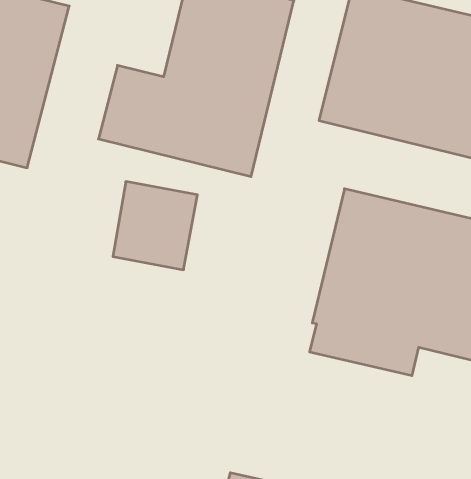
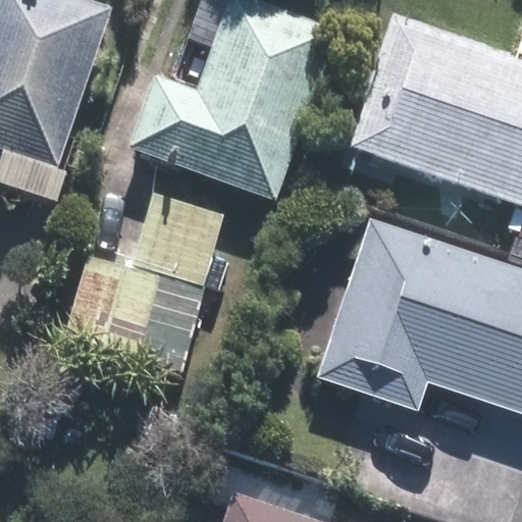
building: none -> [65,258,162,358]

